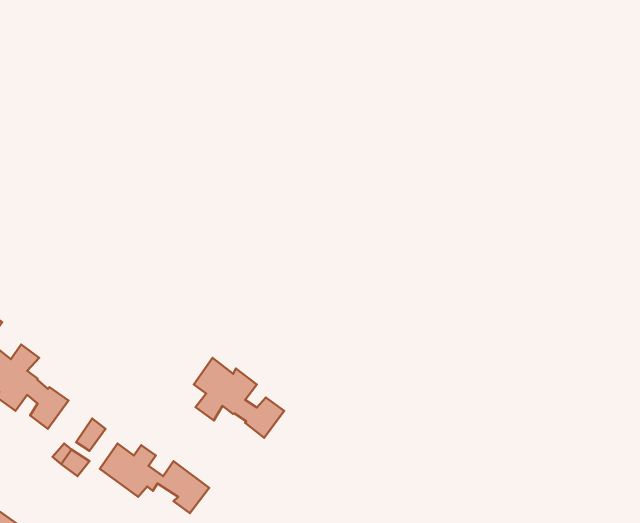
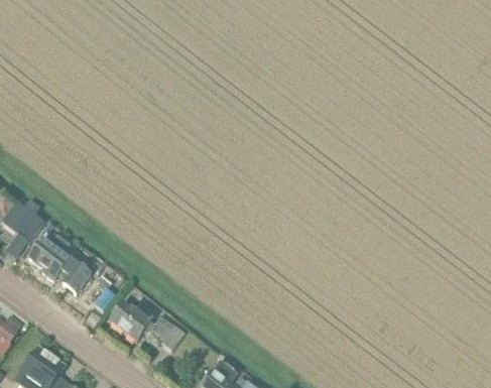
building: [194,358,284,438] -> none

